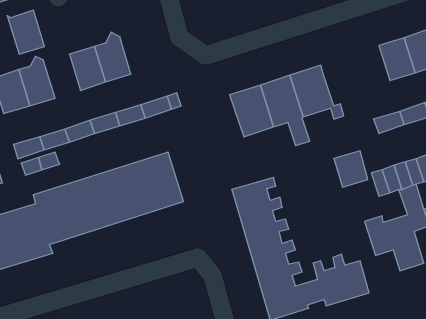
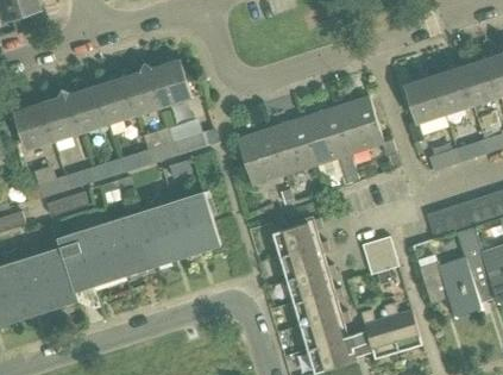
building: [7,10,44,54] -> [69,85,109,132]
building: none -> [152,58,193,106]
building: none -> [404,75,445,123]
building: none -> [239,129,287,185]
building: [334,151,368,187] -> [360,235,397,274]

